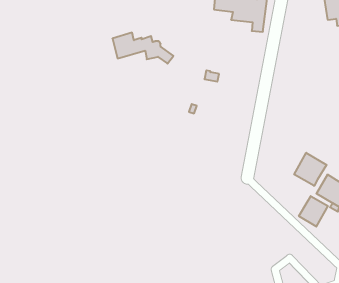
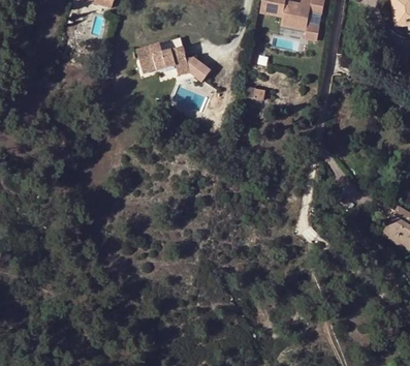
building: [294,153,327,186] -> none
building: [299,196,328,227] -> none

